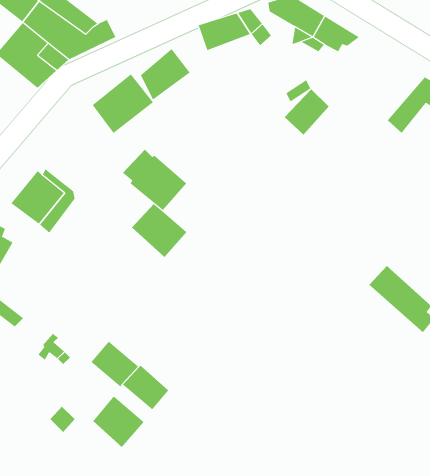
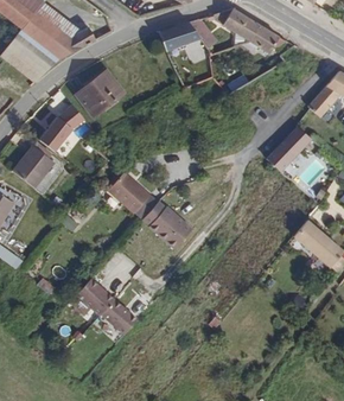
building: [140,48,190,100] -> none
building: [284,89,329,135] -> [267,135,302,172]
building: none -> [38,113,72,148]
building: [122,149,187,211] -> [142,200,193,249]
building: [92,396,145,448] -> none

